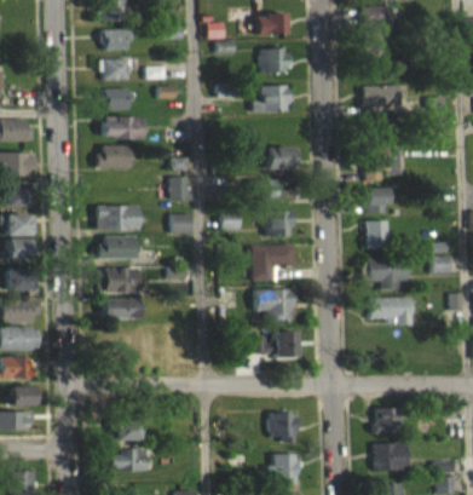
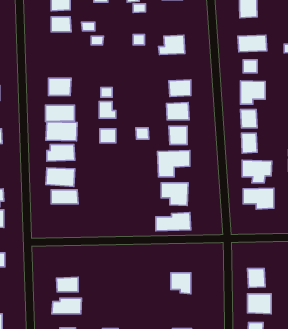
building: [261,48,290,74] -> none
building: [106,88,132,110] -> none
building: [104,116,144,139] -> [46,105,74,122]
building: [267,454,298,484] -> none

